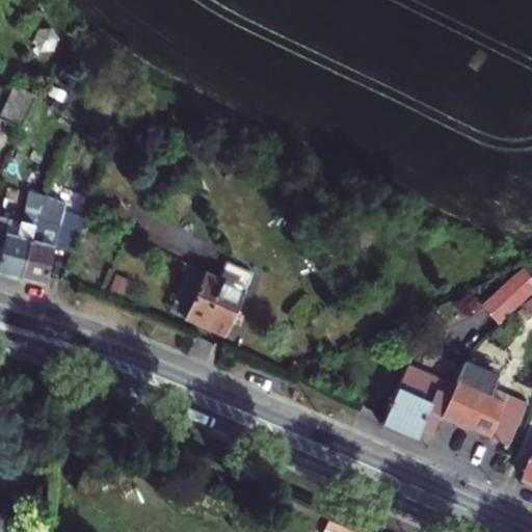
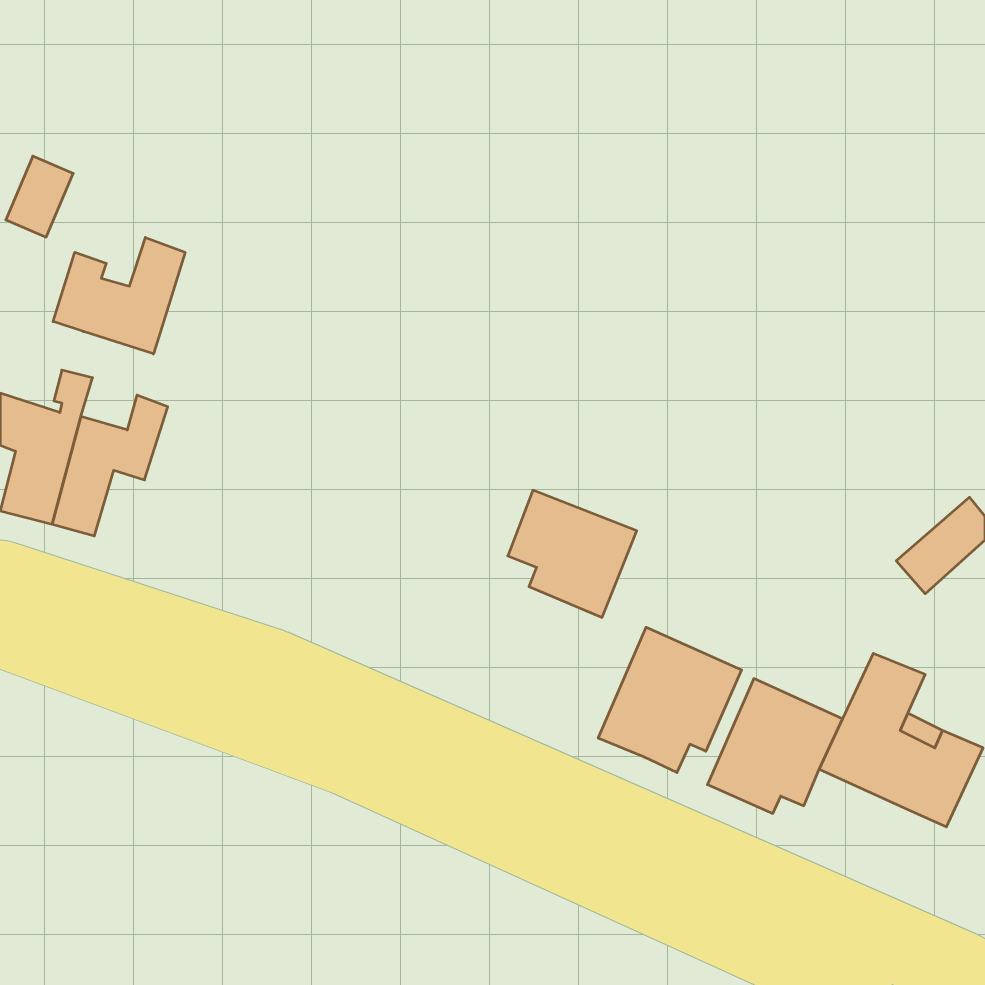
building: none -> [53,237,185,354]
building: [167,259,237,327] -> [508,490,637,617]
building: none -> [598,627,742,773]

